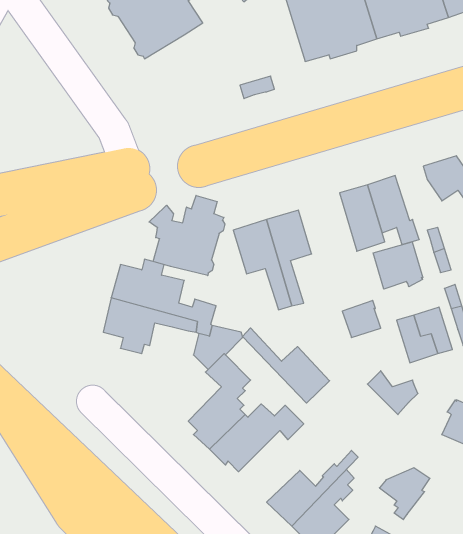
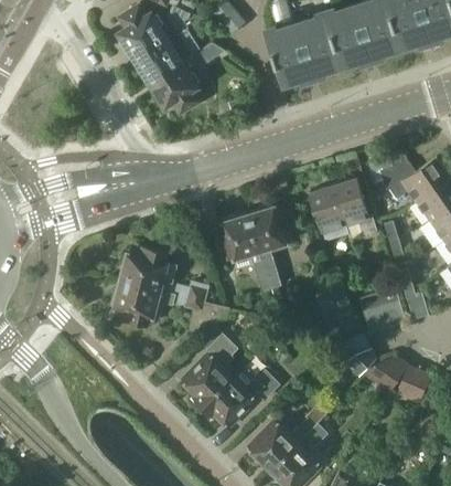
building: none -> [148,42,225,113]
building: [149,195,225,276] -> none
building: [373,242,423,289] -> none
building: [243,328,330,403] -> none
building: [379,468,430,520] -> [364,356,406,399]

